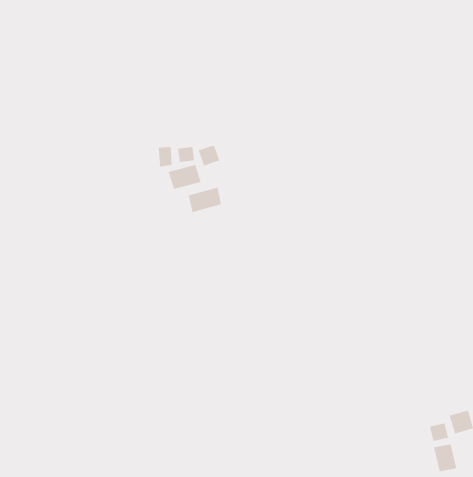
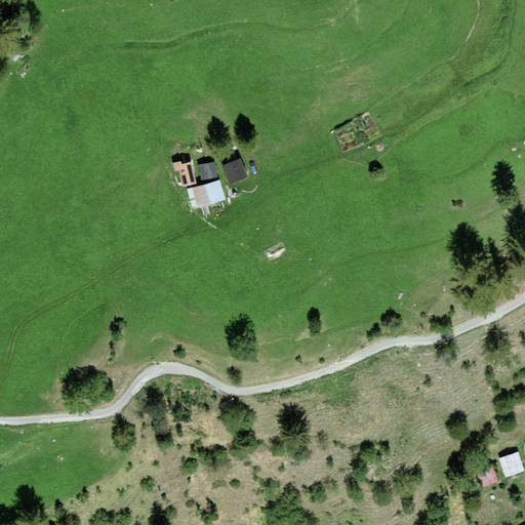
building: [188,187,222,213] -> none
building: [434,444,457,472] -> none

